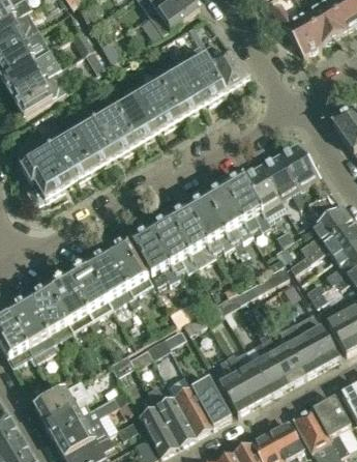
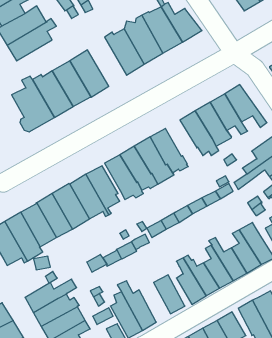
building: [111,86,158,146] -> none
building: [206,187,252,241] -> none
building: [174,386,212,435] -> none

